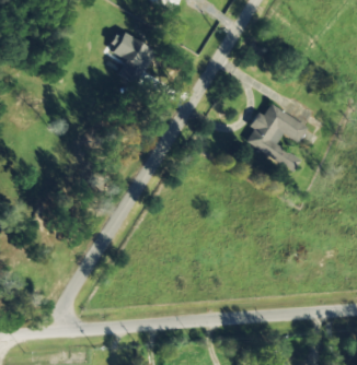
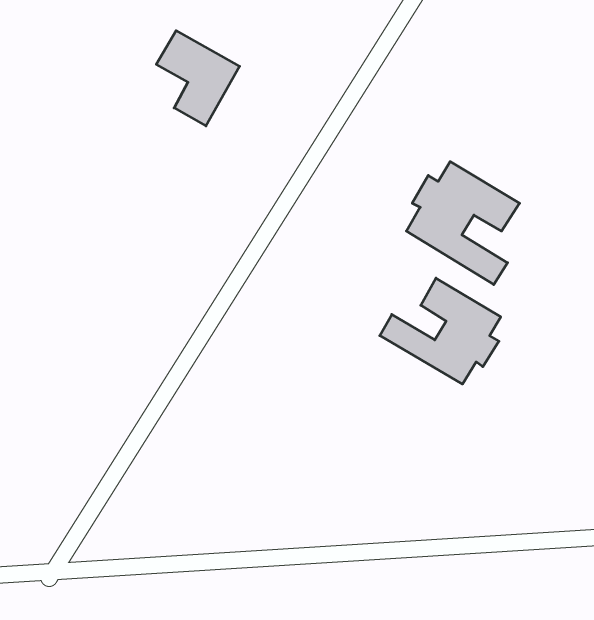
building: none -> [380,278,501,384]

